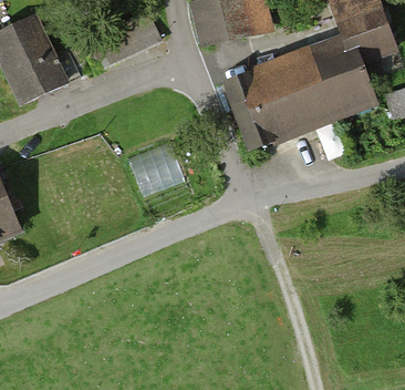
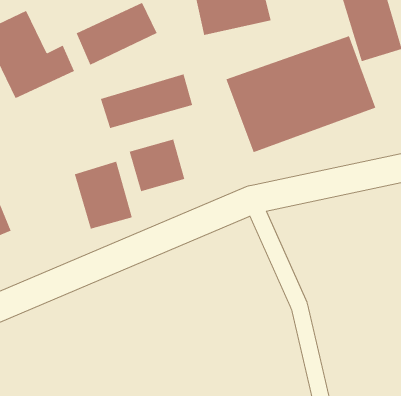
building: none -> [100,74,193,129]
building: none -> [74,161,132,230]

